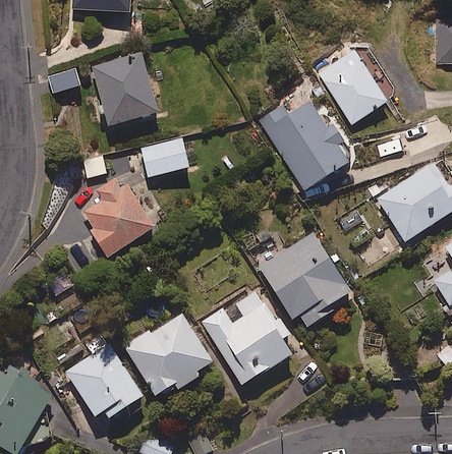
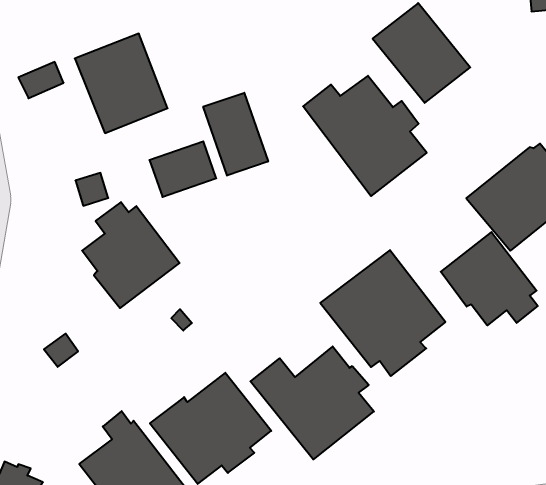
building: none -> [203,93,268,176]
building: none -> [441,232,538,325]

